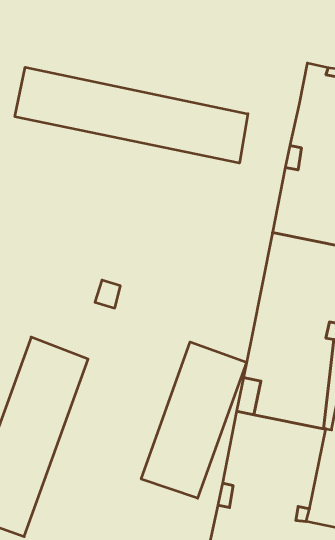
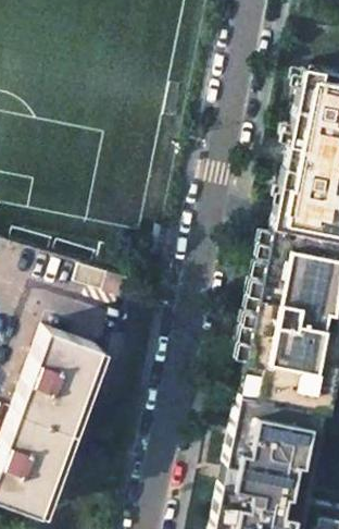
building: [15,67,248,163] -> none
building: [141,342,247,498] -> none

